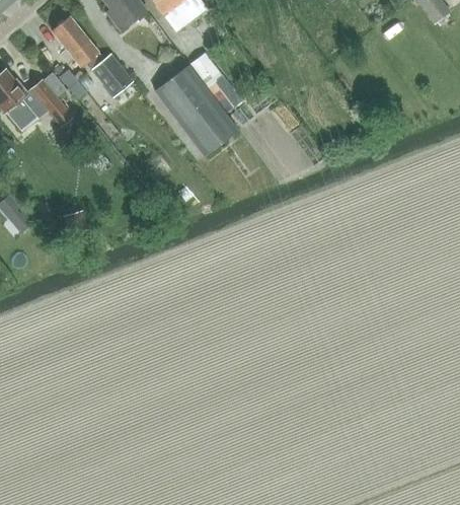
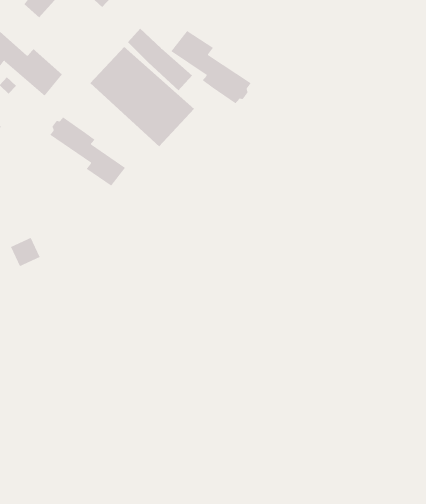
building: none -> [170,30,251,104]
building: none -> [49,116,126,186]

